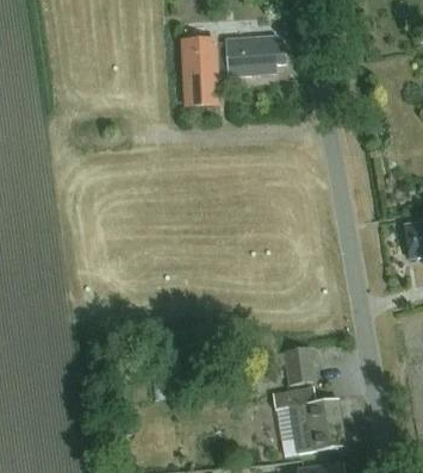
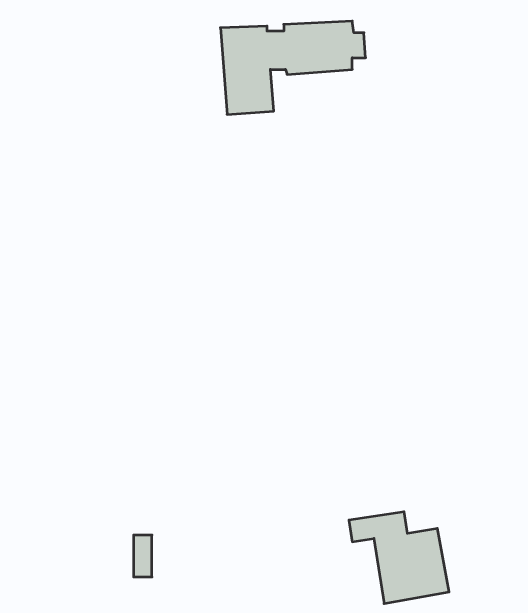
building: [285,347,316,384] -> none

